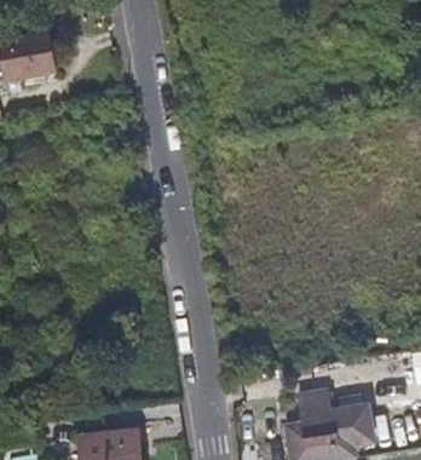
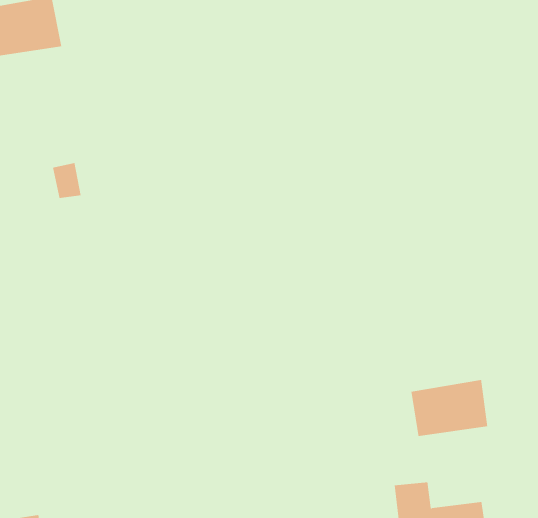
building: none -> [411,379,488,437]

